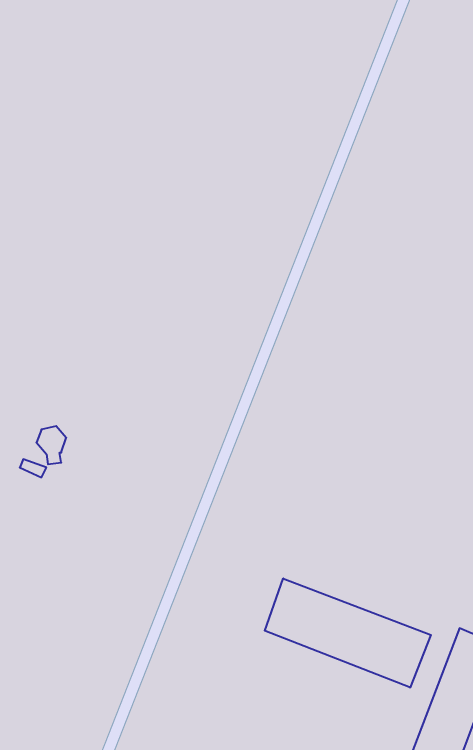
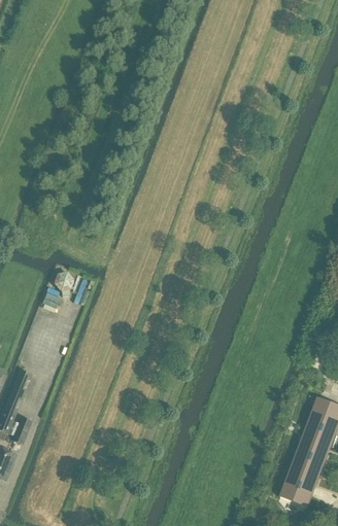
building: [265,578,431,688] -> none

